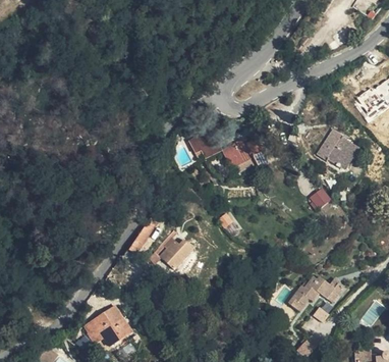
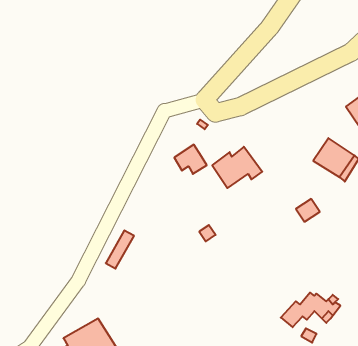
building: [161,237,197,267] -> none

